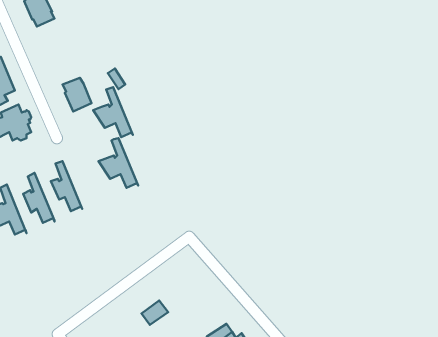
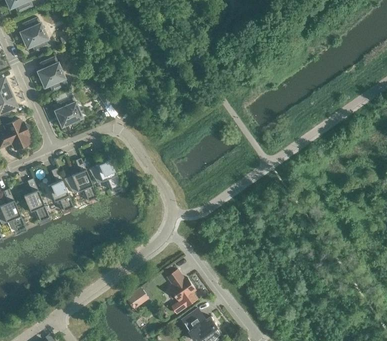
building: none -> [39,57,66,92]
building: [93,87,133,137] -> [63,159,97,202]
building: none -> [167,270,197,314]

